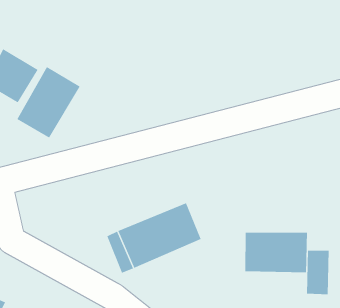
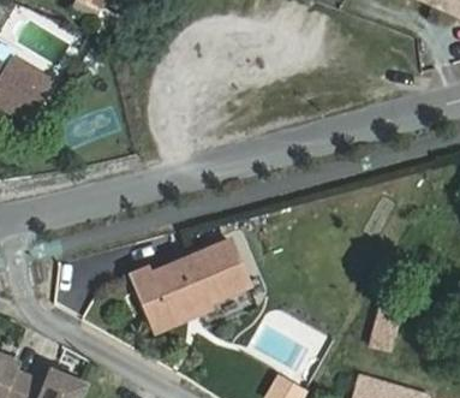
building: [17,66,80,138] -> none
building: [245,232,307,273] -> none

